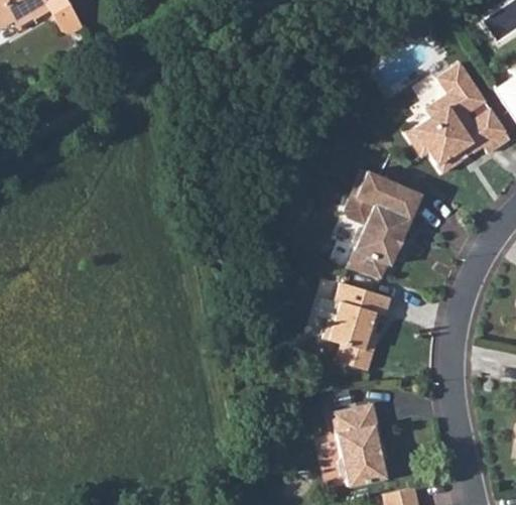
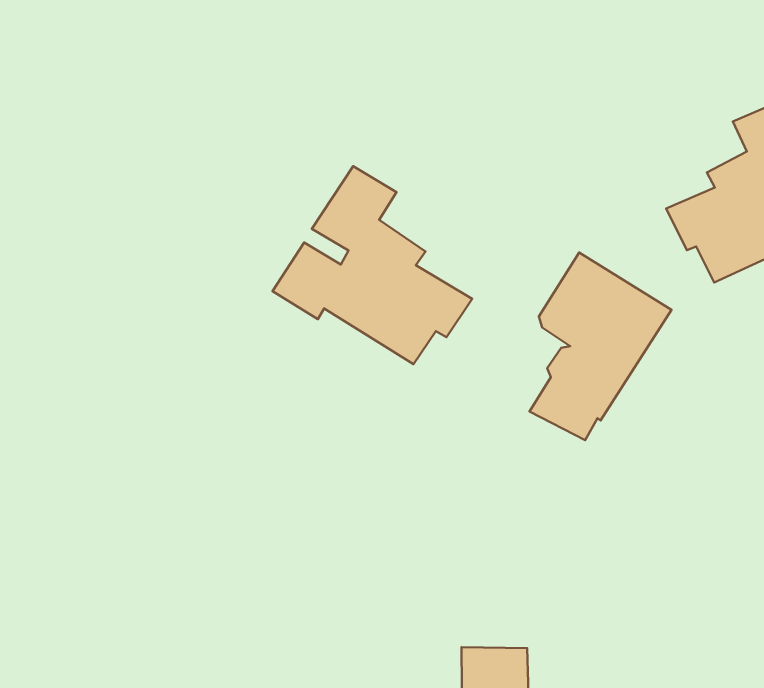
building: none -> [272,166,472,364]
building: [325,283,391,369] -> none

